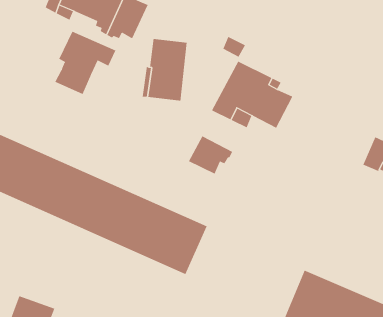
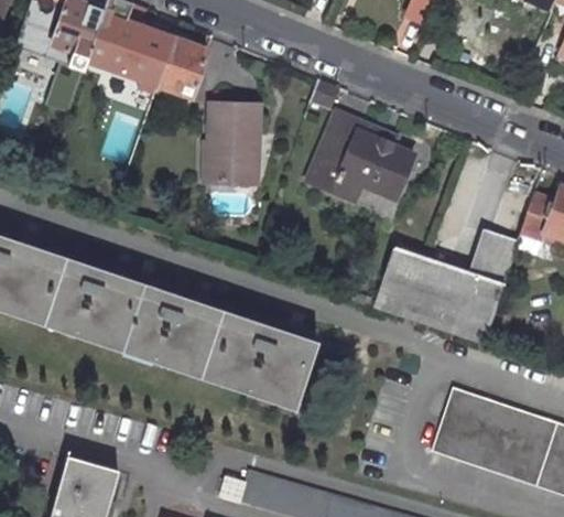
building: [55,31,116,95] -> none
building: [188,135,233,174] -> none
building: none -> [372,236,514,344]

